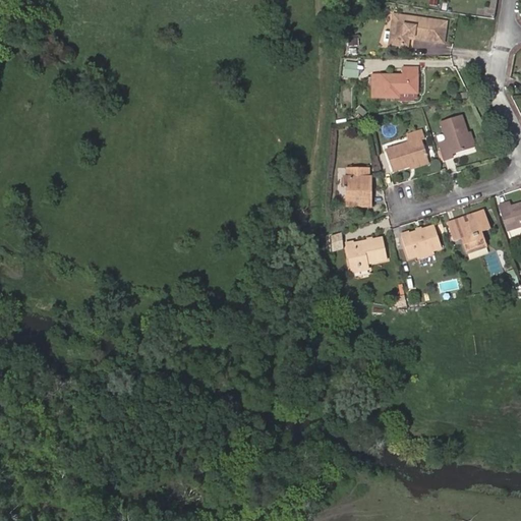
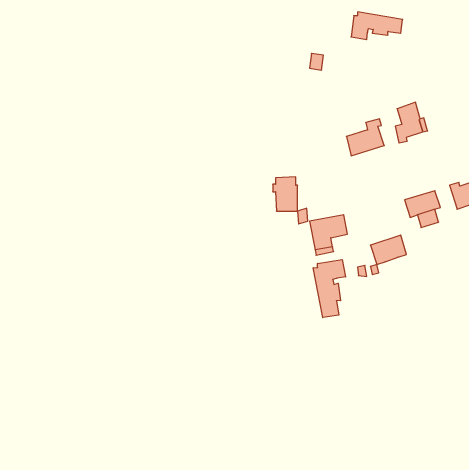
building: [371,67,416,98] -> none
building: [342,169,369,207] -> [273,177,298,211]
building: [401,222,441,254] -> [370,235,406,264]
building: none -> [313,260,346,318]

